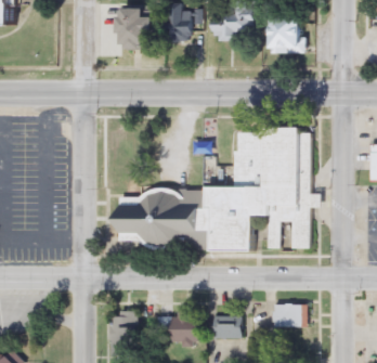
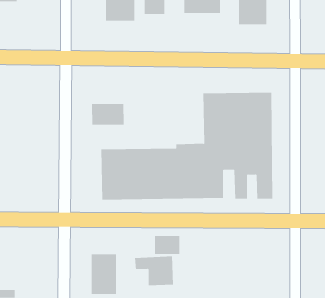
building: none -> [92,103,124,126]
building: [271,304,303,326] -> none
building: [210,316,239,338] -> [154,235,180,255]

